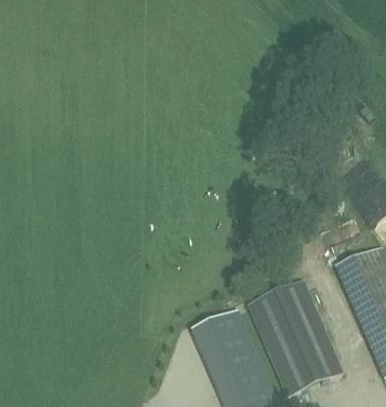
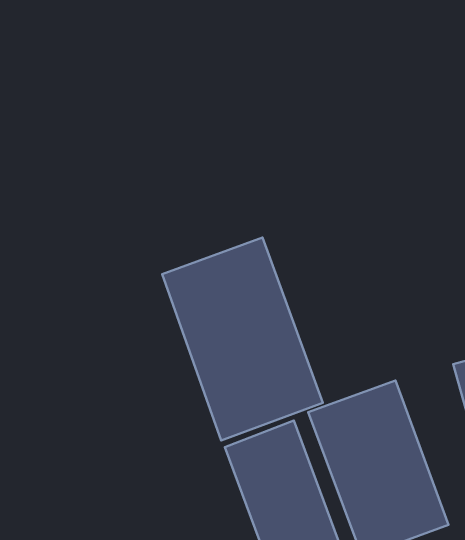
building: none -> [162,238,323,441]

